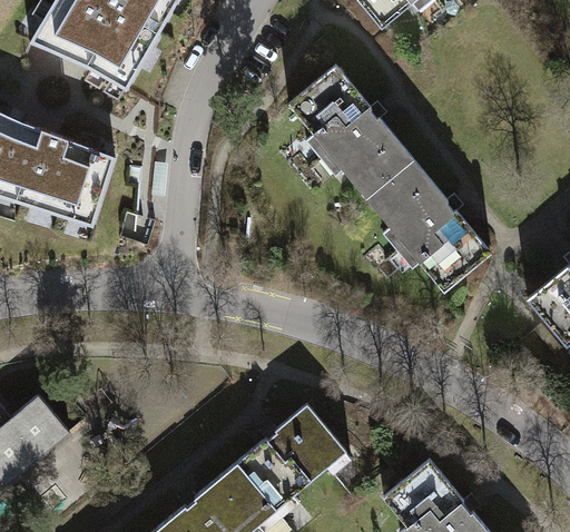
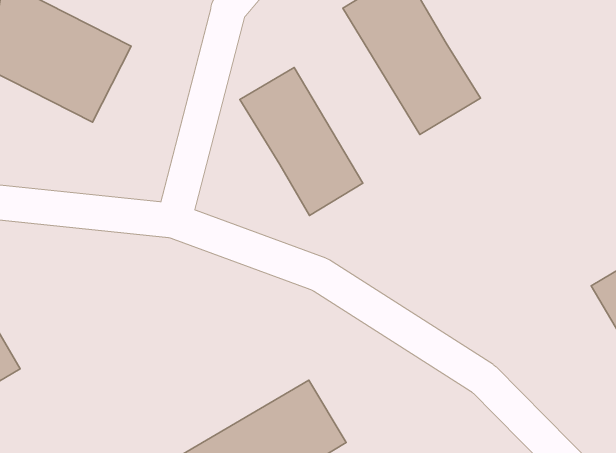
building: none -> [240,68,363,216]
building: [365,152,487,282] -> none

